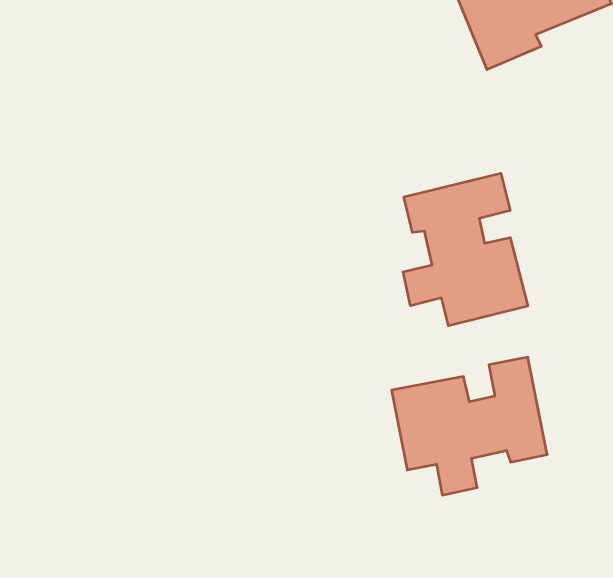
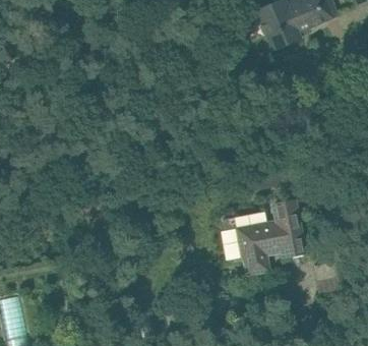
building: [403,173,528,326] -> none

